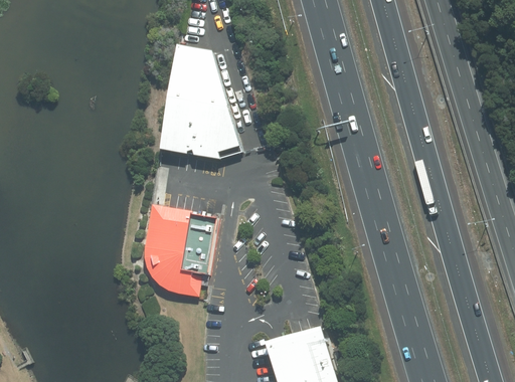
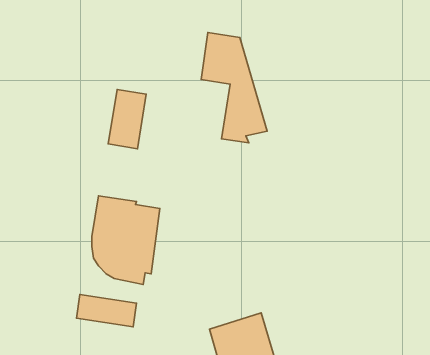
building: [170,46,238,160] -> [201,33,267,143]
building: none -> [76,294,137,327]

